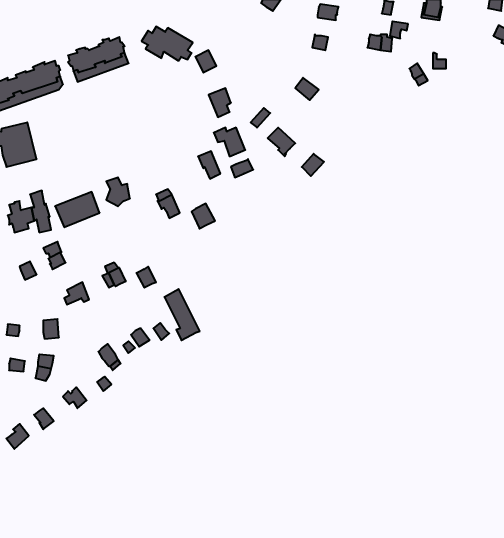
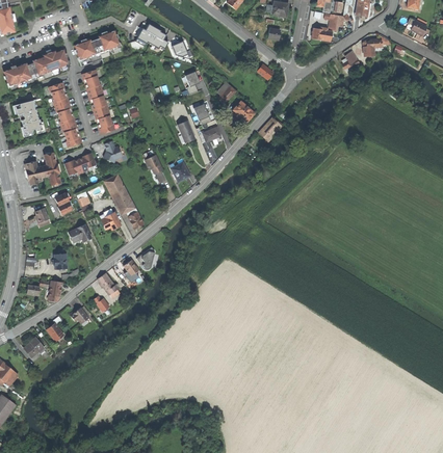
building: none -> [82,70,114,134]
building: none -> [48,82,81,148]
building: [164,289,200,340] -> [107,175,135,215]

